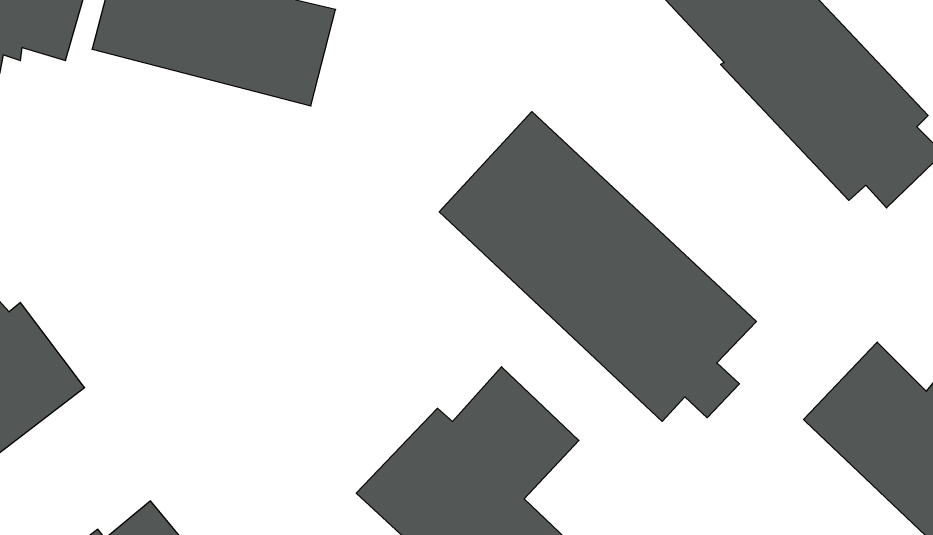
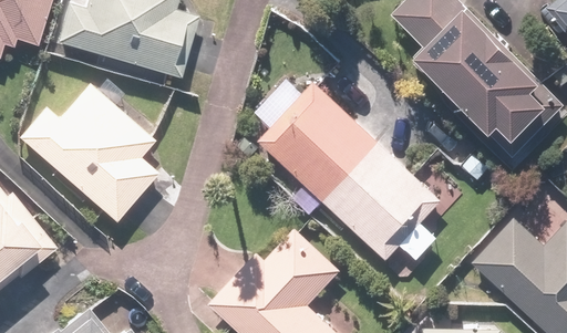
building: none -> [18,82,159,225]

